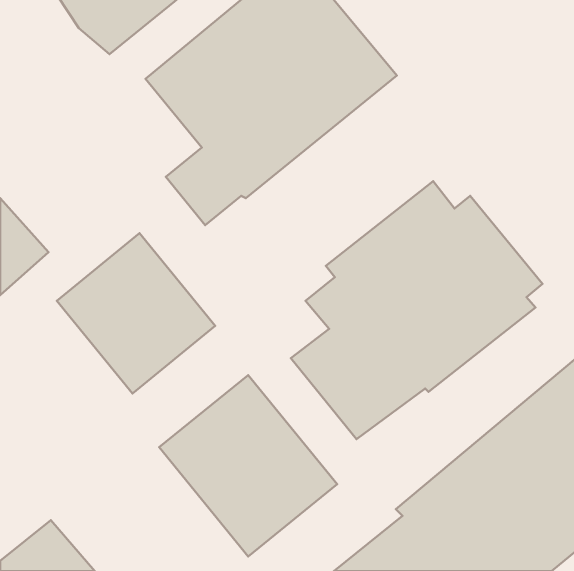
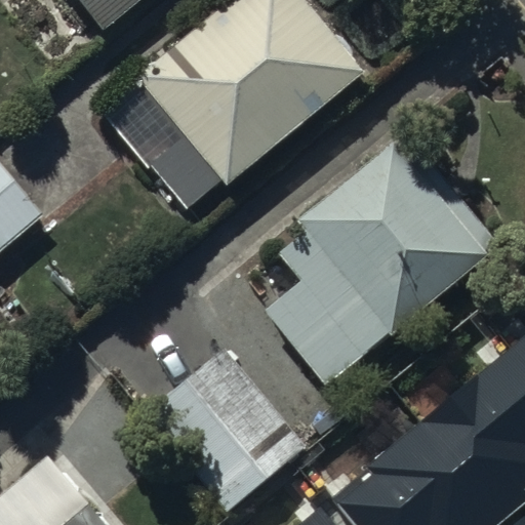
building: [57,233,215,393] -> none

